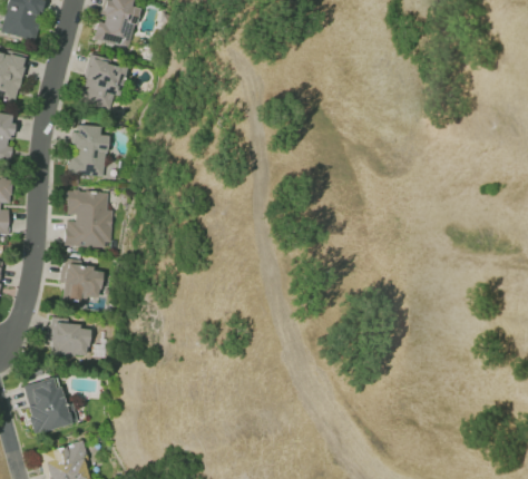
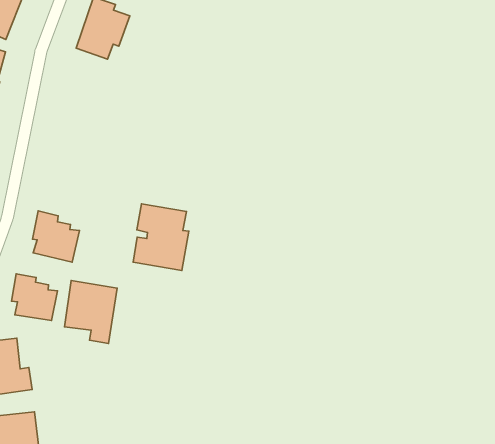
building: [70,125,108,176] -> none
building: [66,189,114,246] -> [133,204,189,270]
building: none -> [64,281,117,344]

